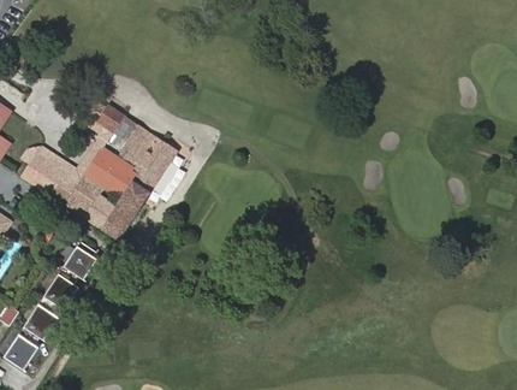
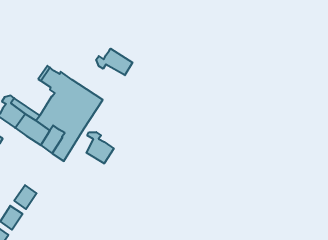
building: none -> [96,49,132,75]
building: none -> [86,132,114,164]
building: [66,242,97,279] -> none

